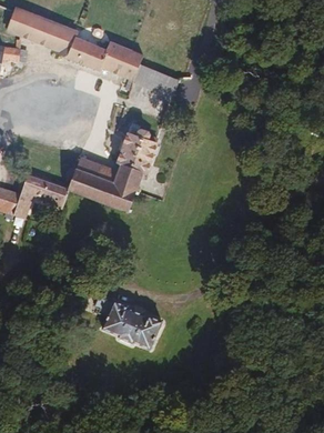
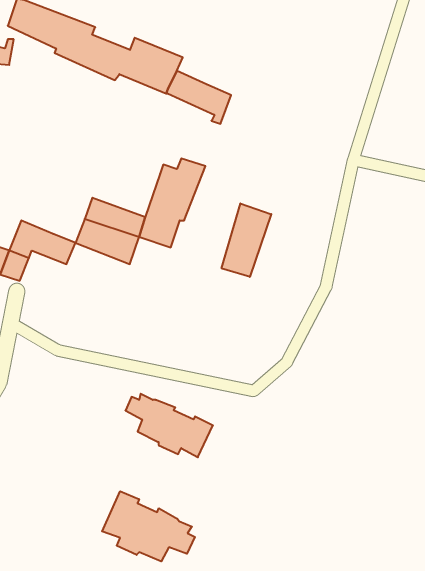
building: none -> [222,203,271,277]
building: [103,184,133,213] -> none
building: none -> [102,491,195,561]

